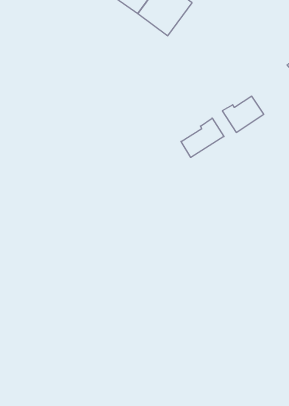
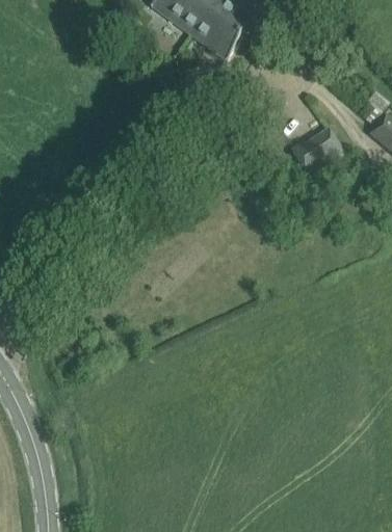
building: [181,118,224,157] -> none

